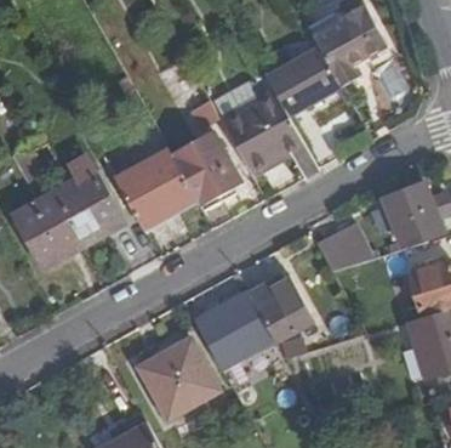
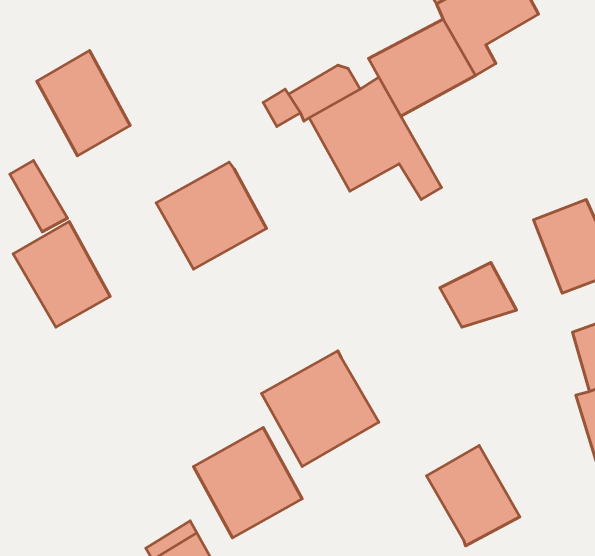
building: [171,134,240,205] -> none
building: [53,174,120,249] -> [37,51,130,156]
building: [247,271,314,342] -> [426,445,520,546]

